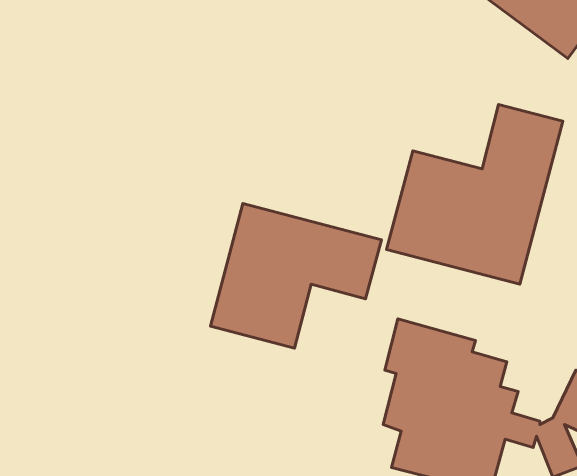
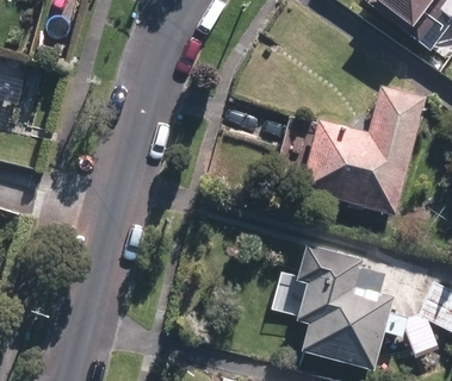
building: [210,203,381,348] -> none

